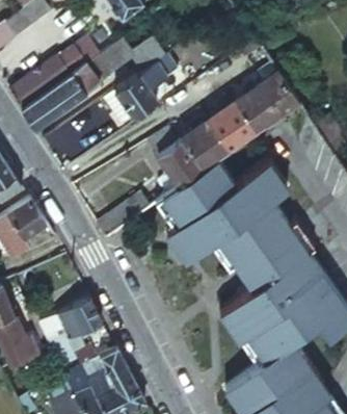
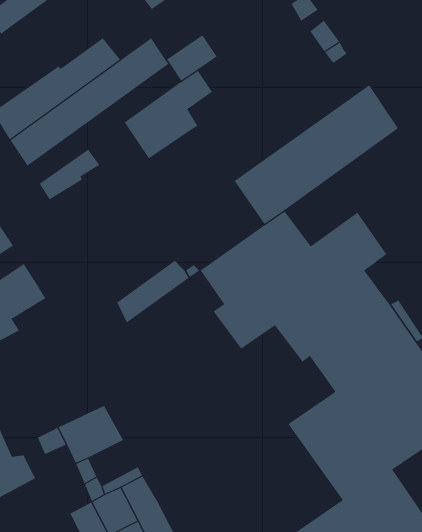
building: [146,130,203,196] -> none

